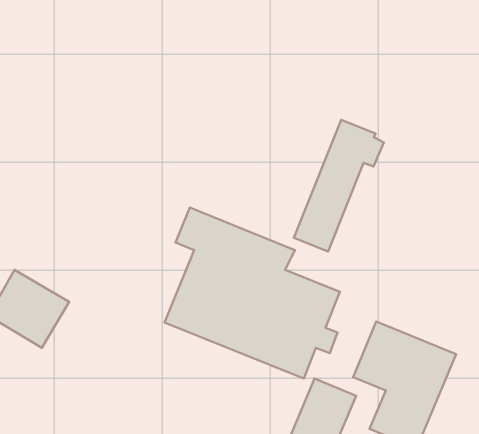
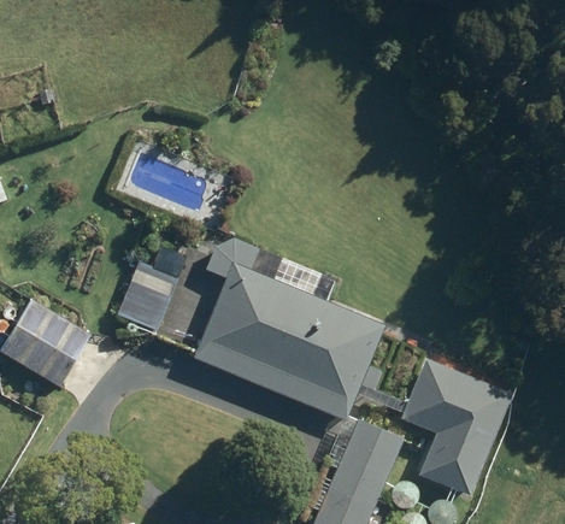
building: [294,120,384,252] -> none
building: none -> [118,260,178,330]

